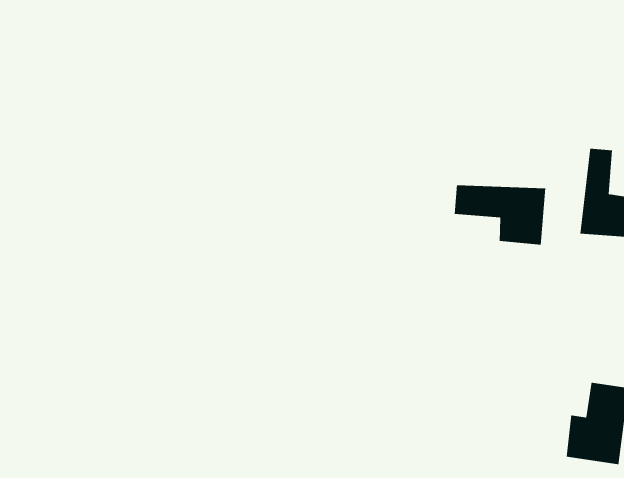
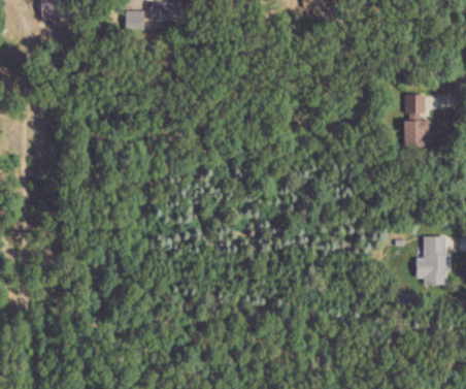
building: [454,184,546,245] -> none

